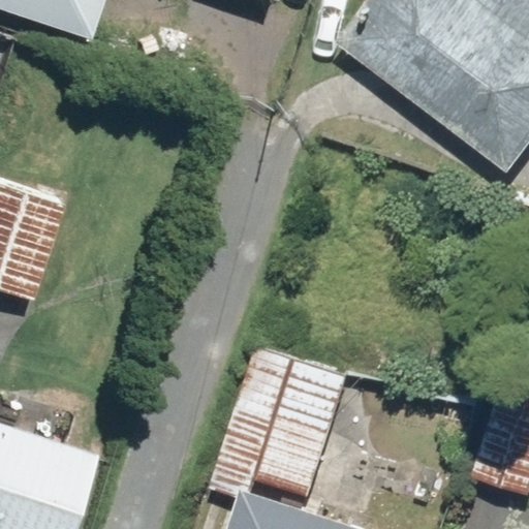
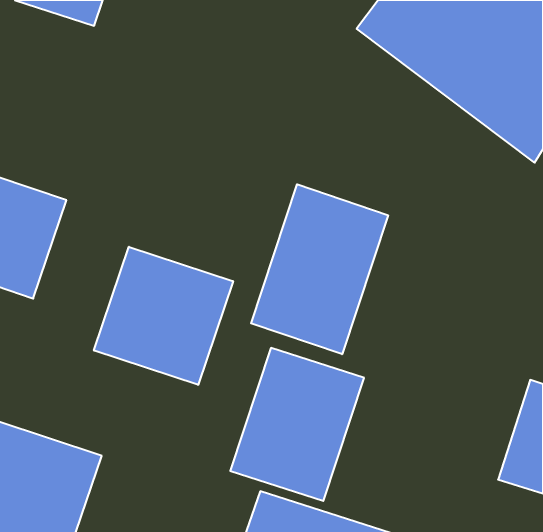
building: none -> [251,184,388,354]
building: none -> [94,247,233,385]

